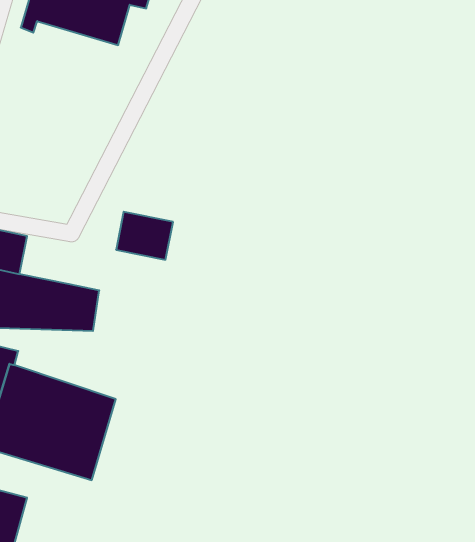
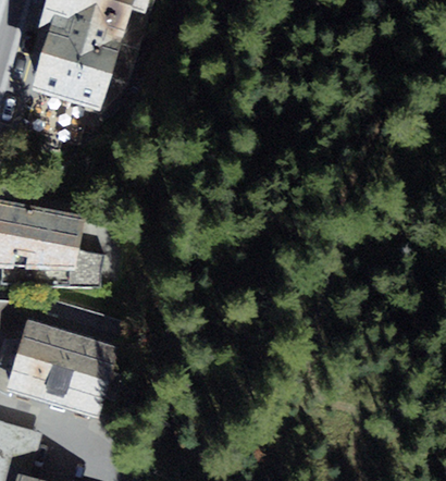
building: none -> [32,23,121,110]
building: [116,212,173,260] -> [36,208,85,249]

